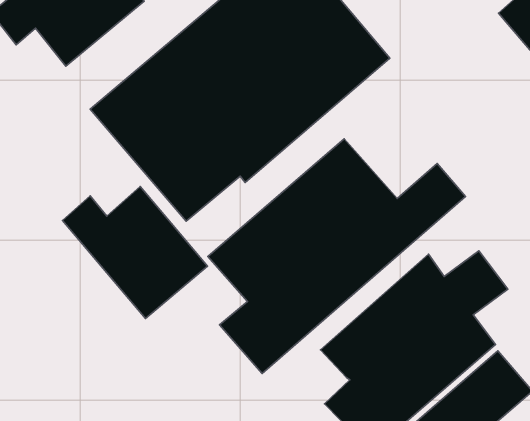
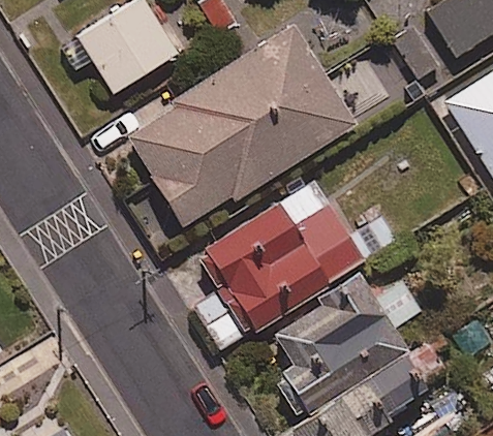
building: [63,187,207,319] -> none

